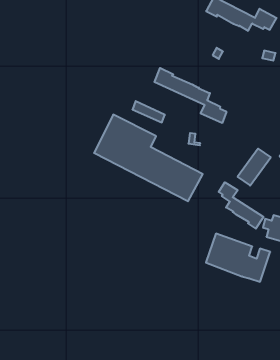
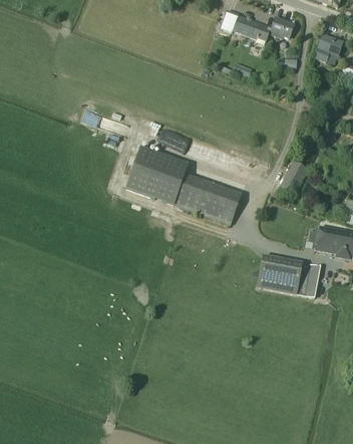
building: [154,68,226,123] -> none
building: [219,182,263,229] -> none

